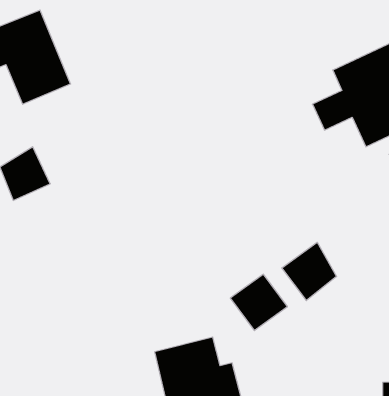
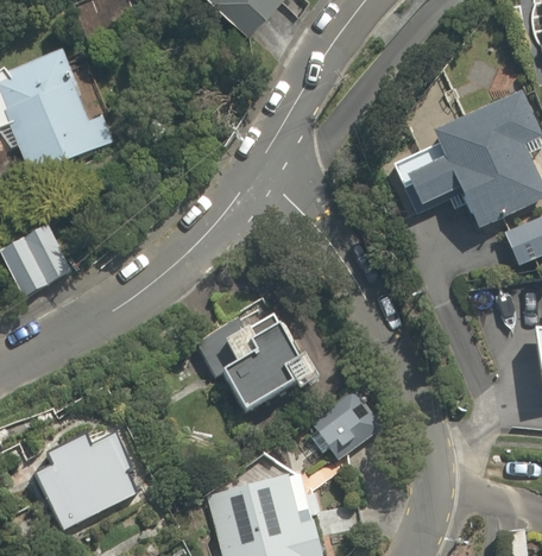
building: none -> [191,302,305,417]
building: [282,242,337,301] -> none
building: none -> [25,428,132,533]

